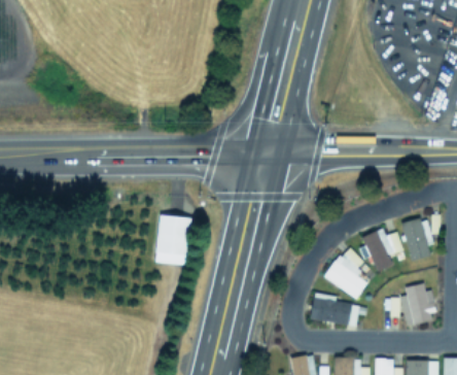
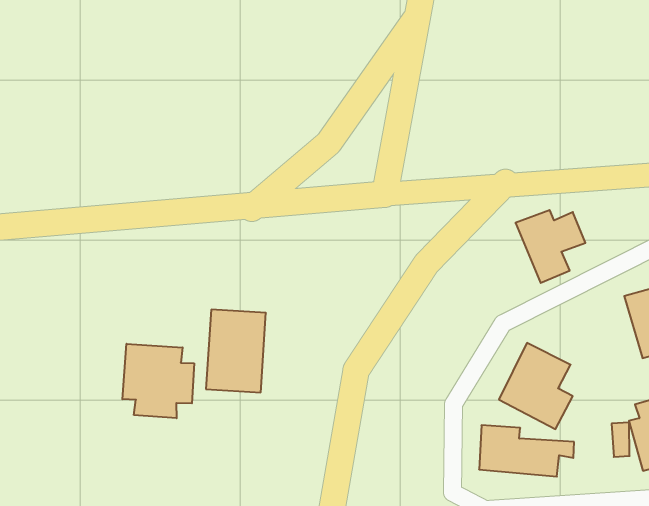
building: [362,230,402,272] -> [515,210,585,283]
building: none -> [122,344,194,418]

